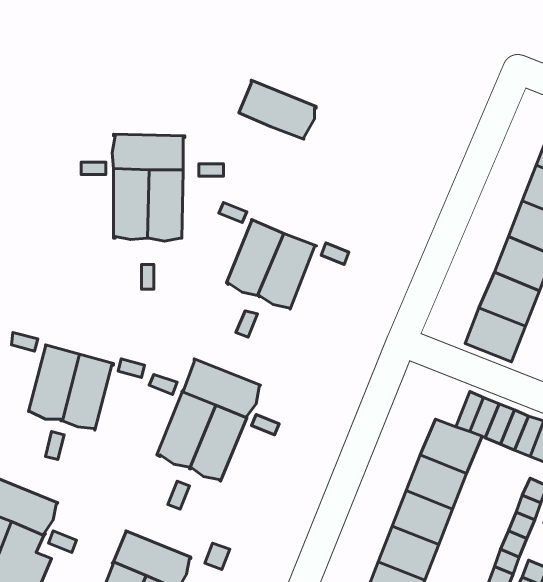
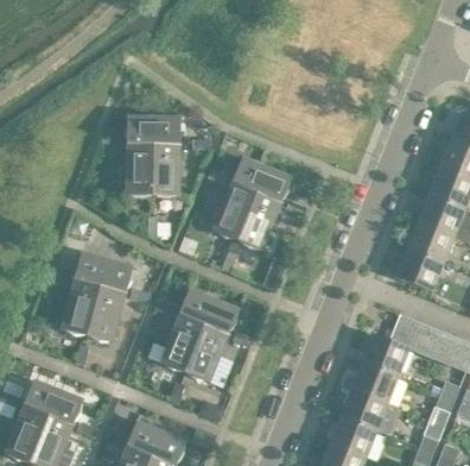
building: [239,80,316,139] -> [233,156,292,201]
building: none -> [75,252,134,291]

